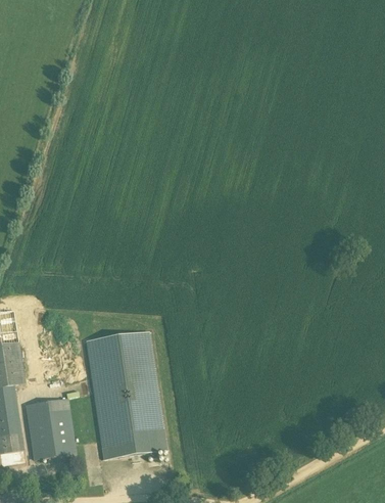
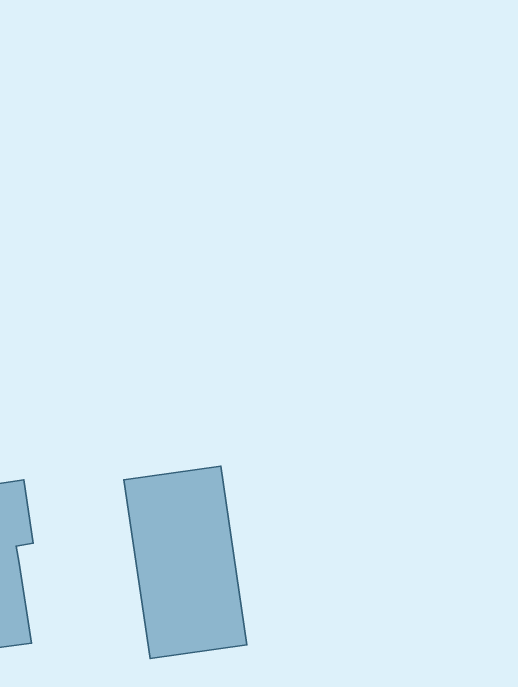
building: [26,398,75,458] -> none

